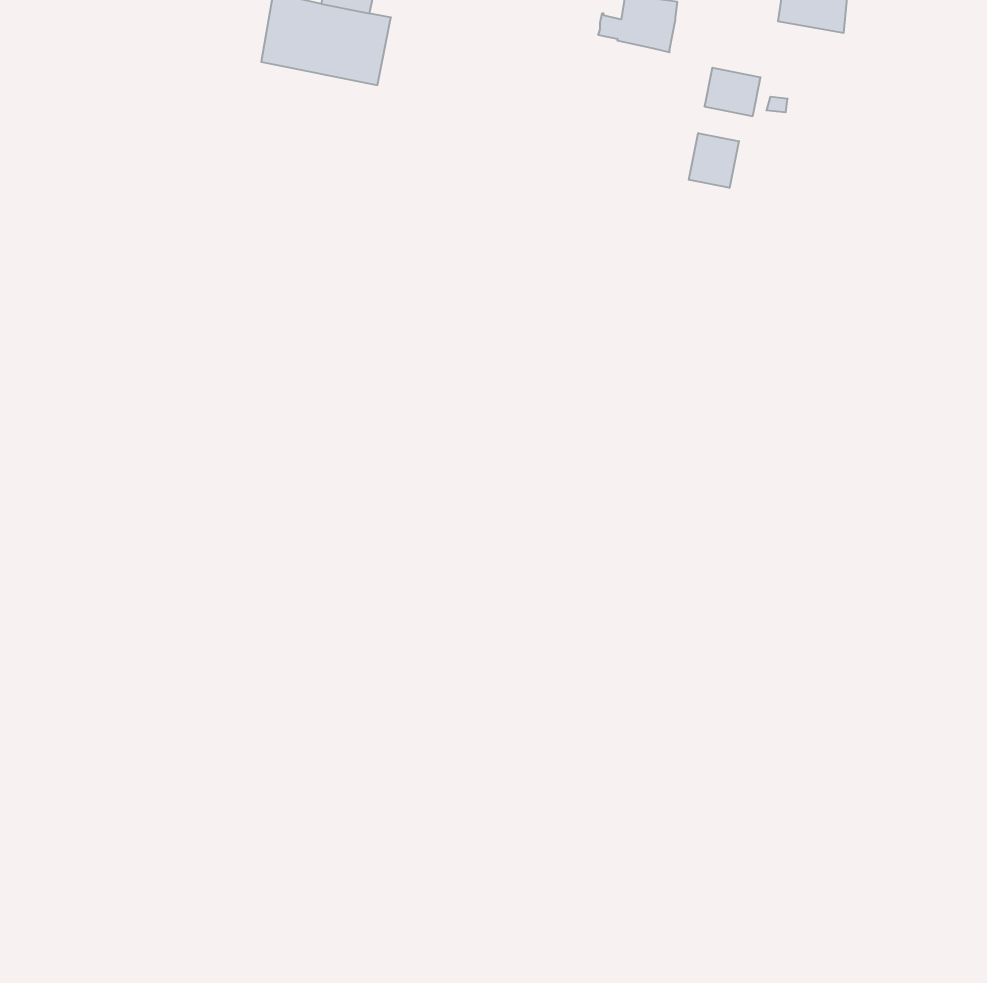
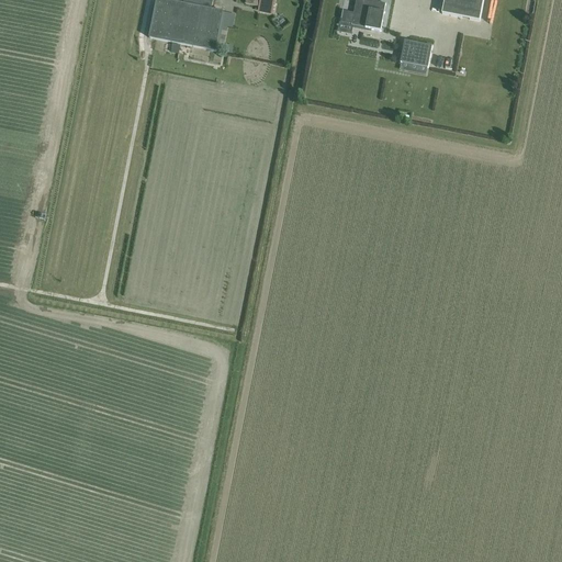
building: [689,133,739,188] -> none

